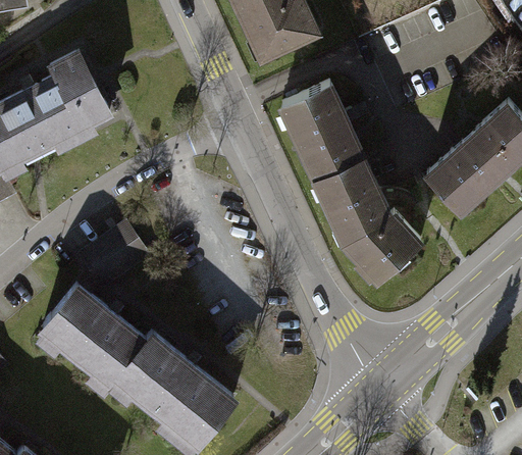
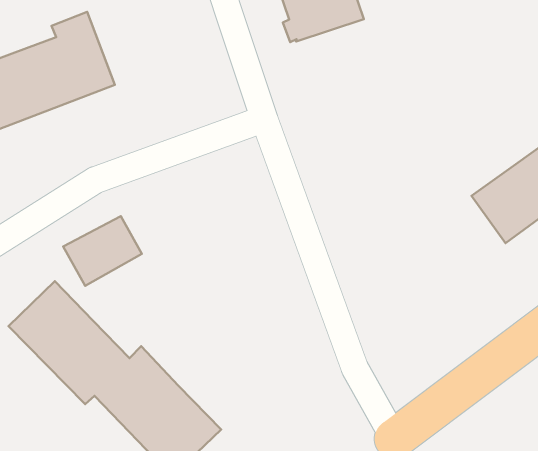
building: [281,85,421,288] -> none

